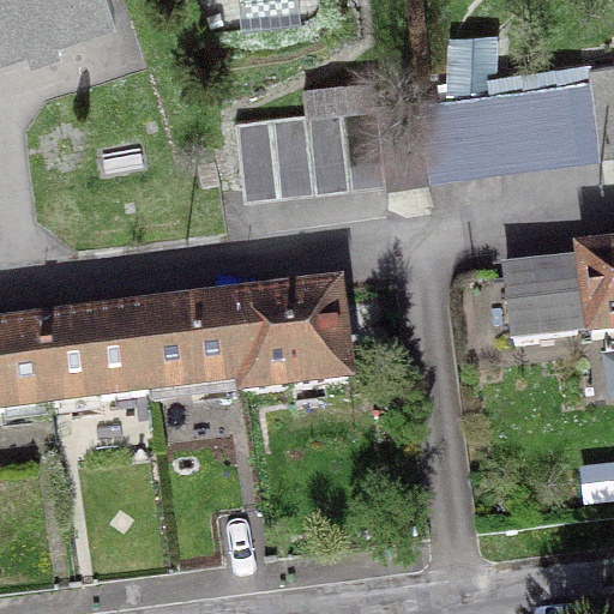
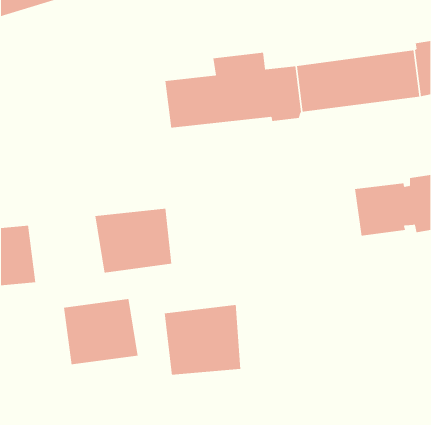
building: [236,284,347,386] -> none
building: [41,307,148,402] -> [63,298,138,365]
building: none -> [164,304,241,375]

